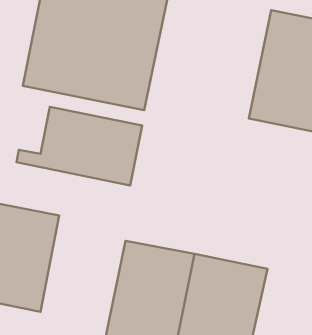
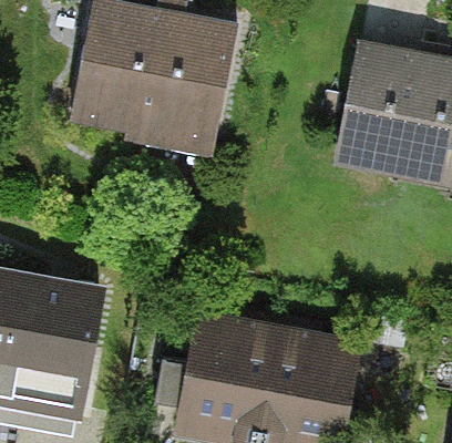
building: [16,107,142,186] -> none

